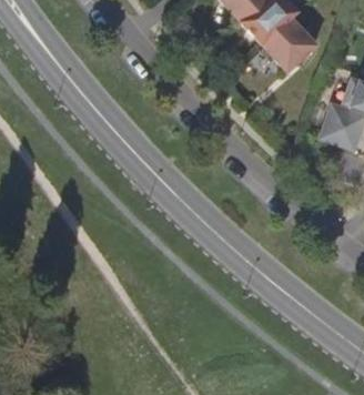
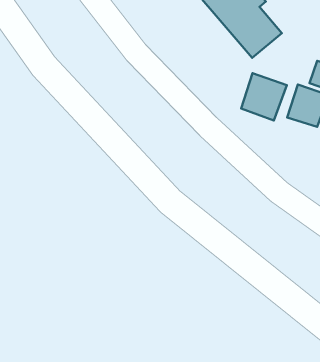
building: none -> [241,73,287,121]

